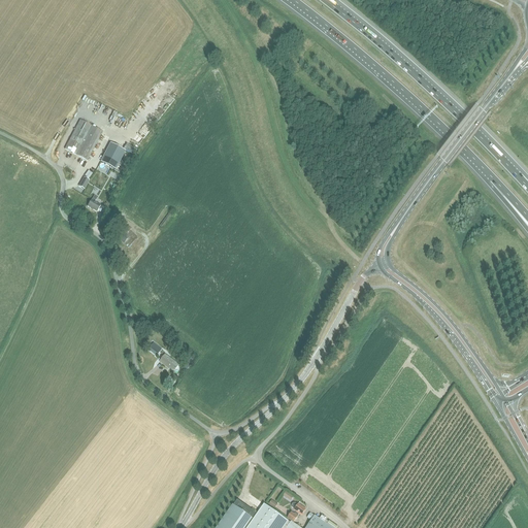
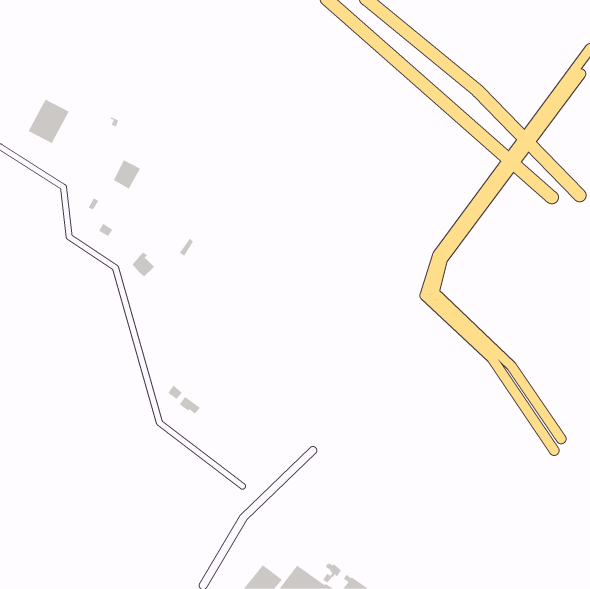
building: [65,120,102,160] -> [28,99,69,144]

